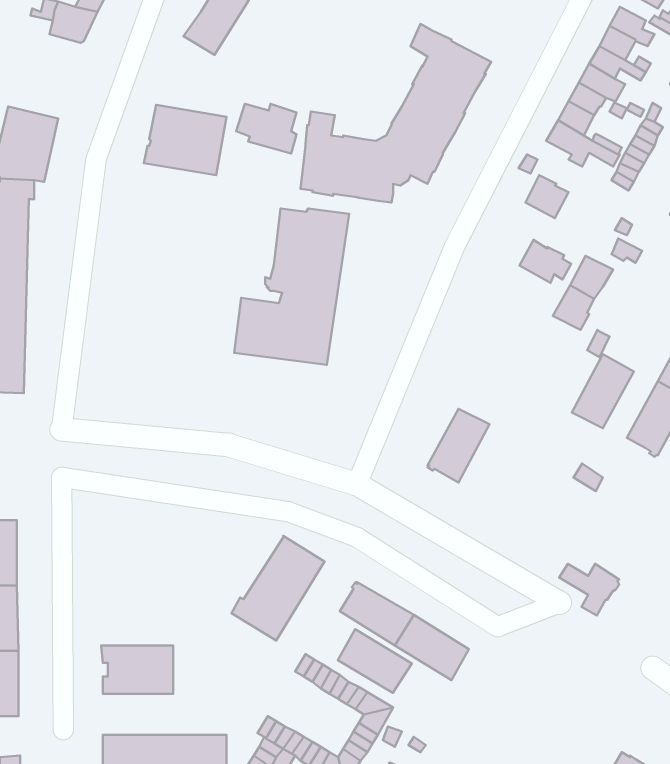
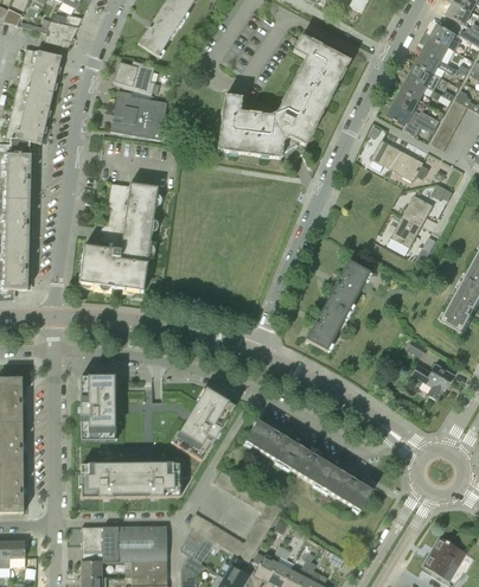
building: none -> [15,47,60,100]
building: [236,104,296,154] -> [113,60,154,95]
building: [234,209,349,365] -> [78,183,158,291]
building: [520,240,571,283] -> [392,151,428,180]
building: [572,354,634,428] -> [326,260,369,311]
building: none -> [79,375,116,440]
building: [559,564,619,615] -> [410,364,452,400]
building: [338,629,412,693] -> [321,466,372,510]
building: none -> [129,462,179,497]

